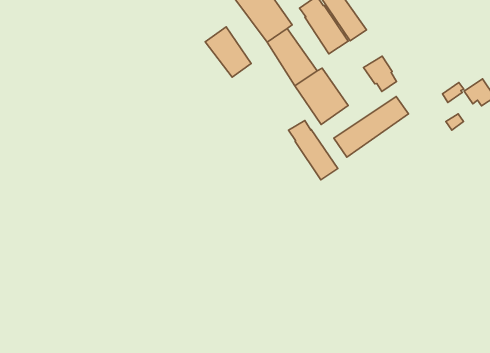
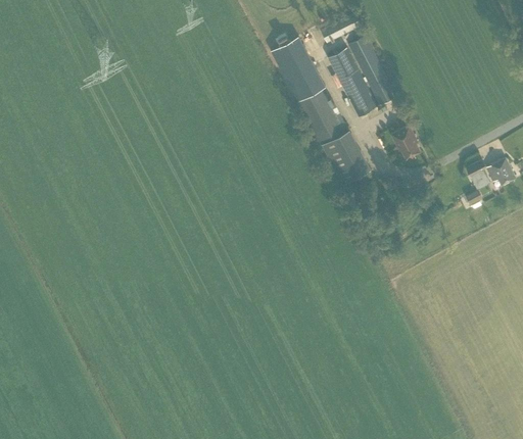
building: [205,27,251,77] -> none
building: [334,97,409,157] -> none
building: [289,121,338,180] -> none

